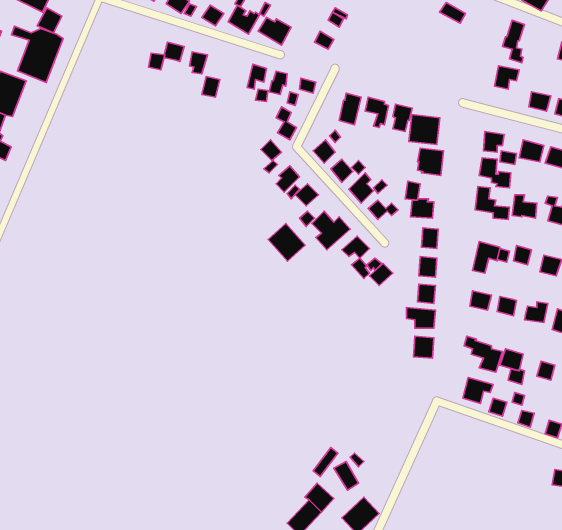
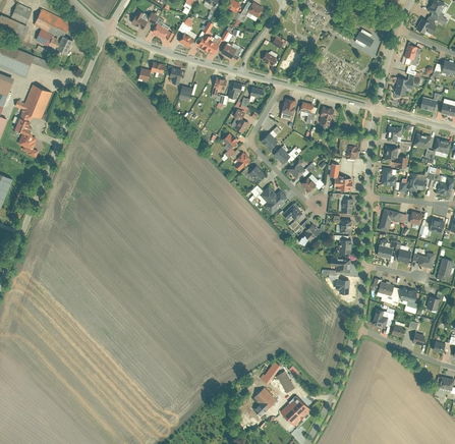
building: [11,26,63,82] -> none
building: [409,115,440,145] -> none
building: [268,224,305,261] -> none

